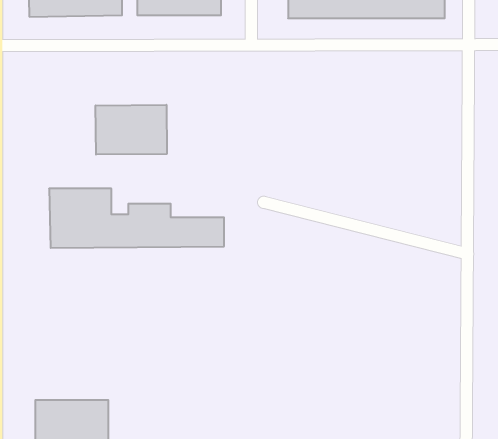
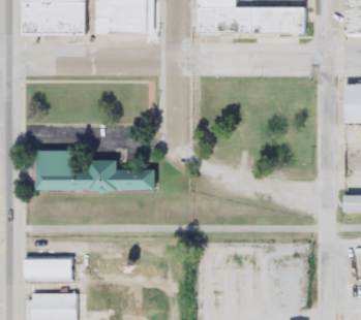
building: [96,105,167,155] -> none
building: none -> [23,257,71,279]

